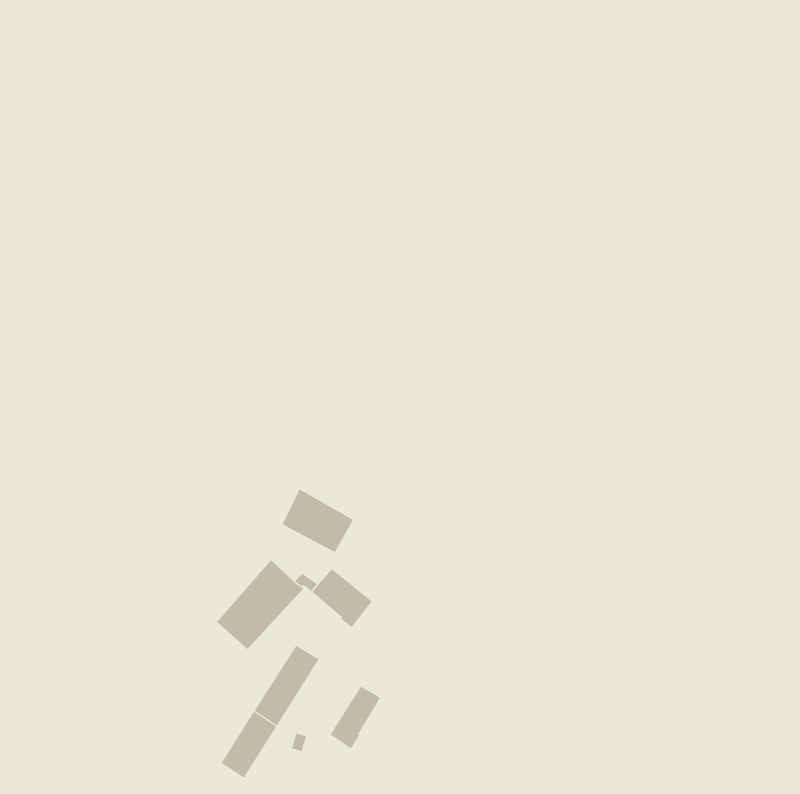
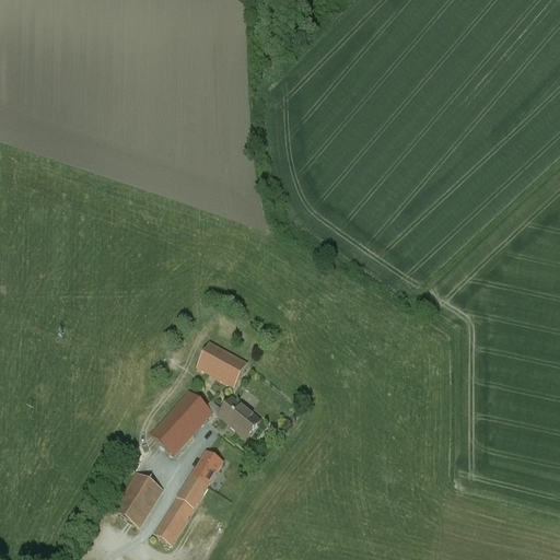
building: none -> [114,471,163,526]
building: [330,686,381,749] -> none

